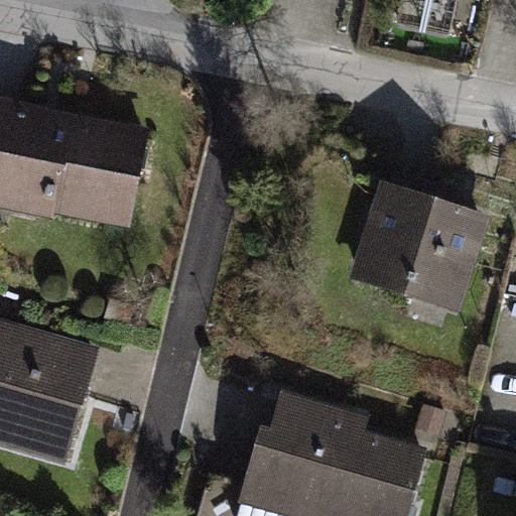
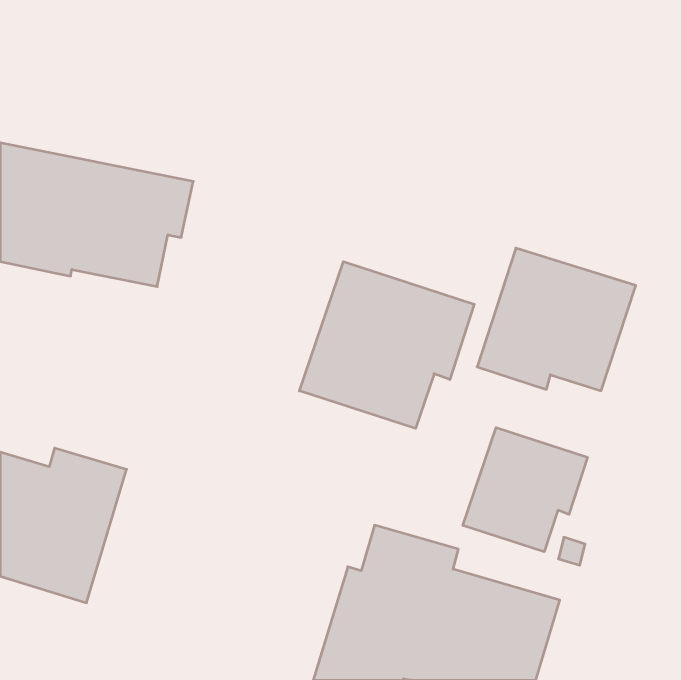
building: none -> [299,262,474,428]
building: none -> [463,428,587,552]

